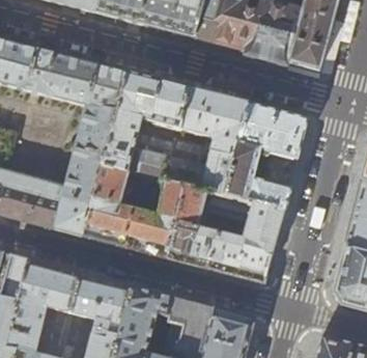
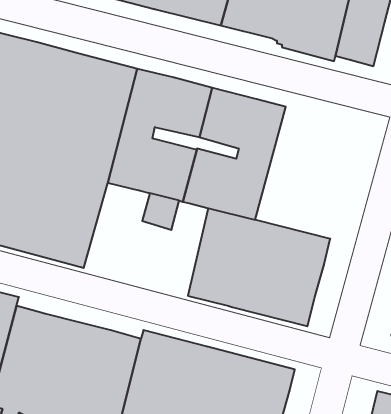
building: [223,103,309,211] -> none
building: [83,165,185,257] -> none

